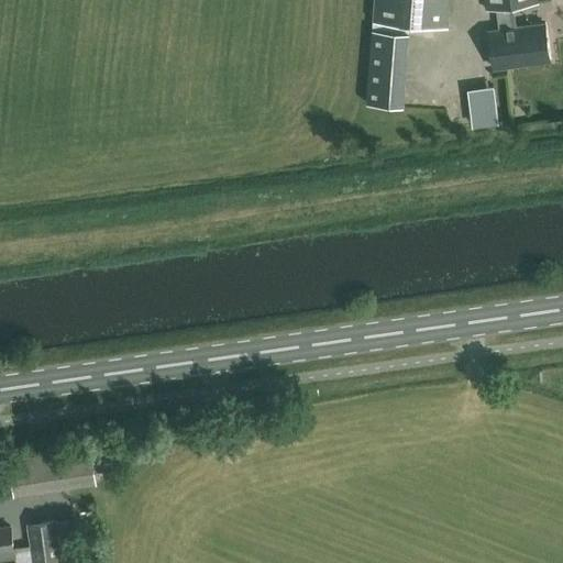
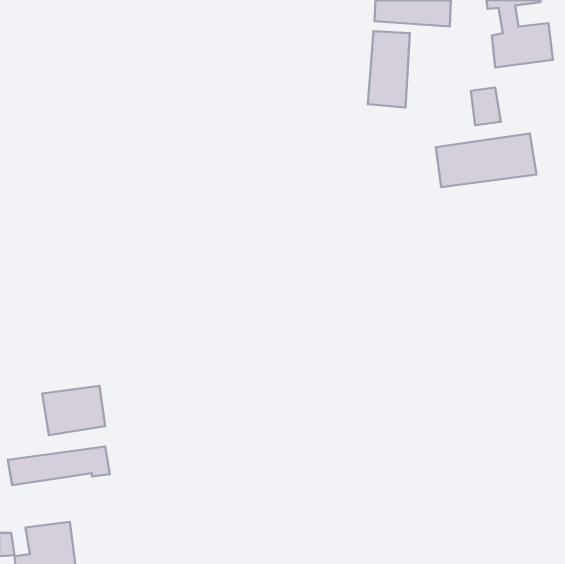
building: none -> [436,134,537,187]
building: none -> [42,386,105,435]

